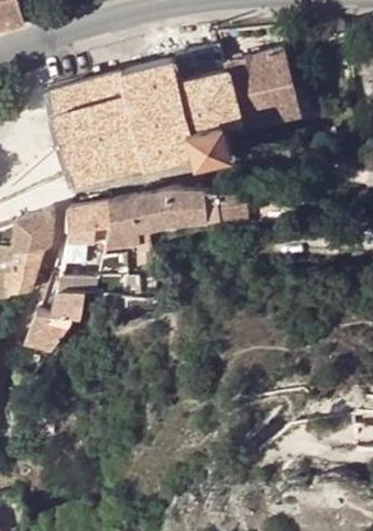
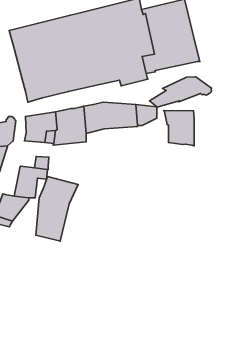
building: none -> [149,77,212,107]
building: none -> [164,110,194,146]
building: none -> [36,177,78,241]

